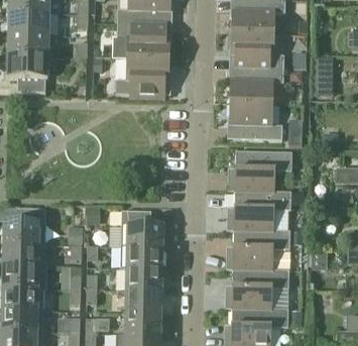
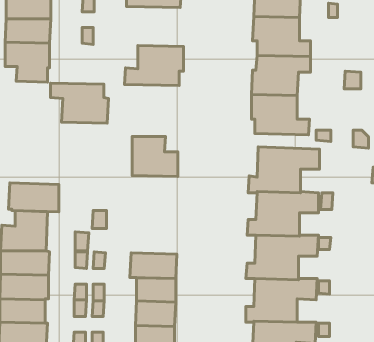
building: [117,22,169,59] -> [50,83,108,123]
building: none -> [8,183,59,212]
building: [121,210,162,246] -> [132,136,178,177]

